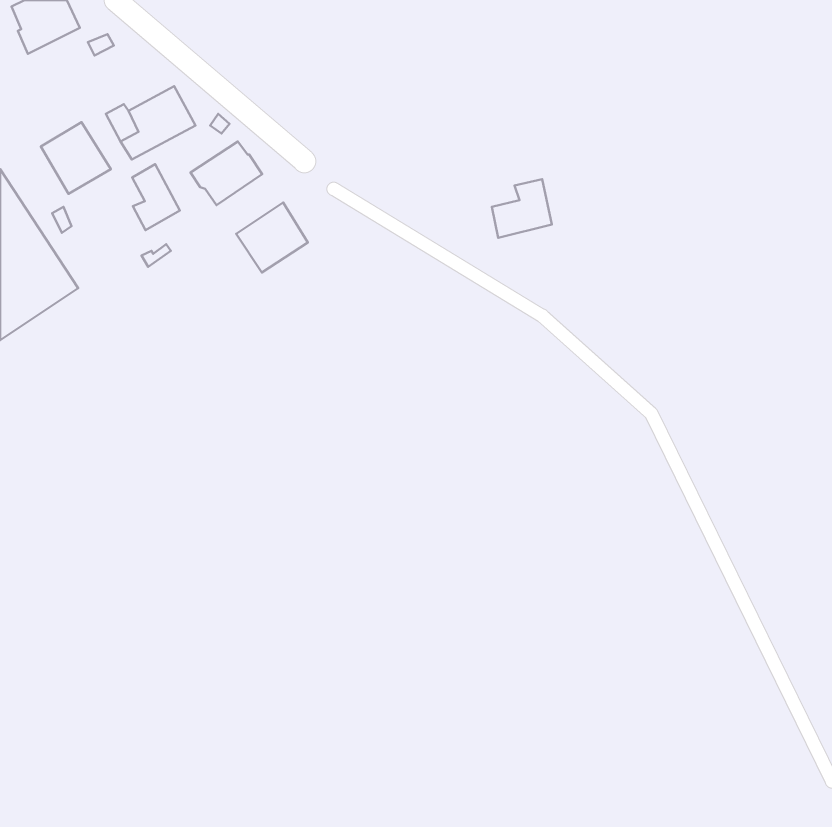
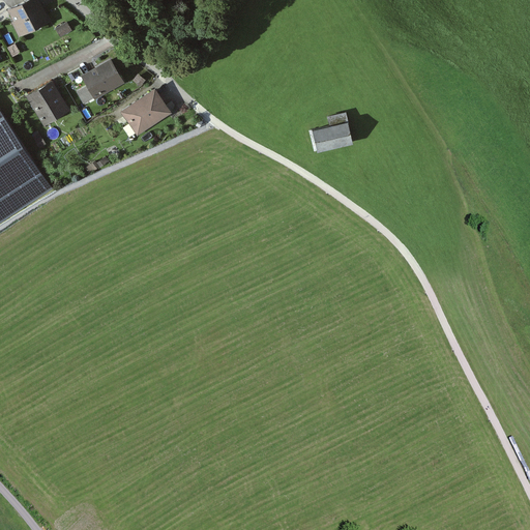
building: [132,164,180,230] -> none
building: [236,202,308,273] -> none

